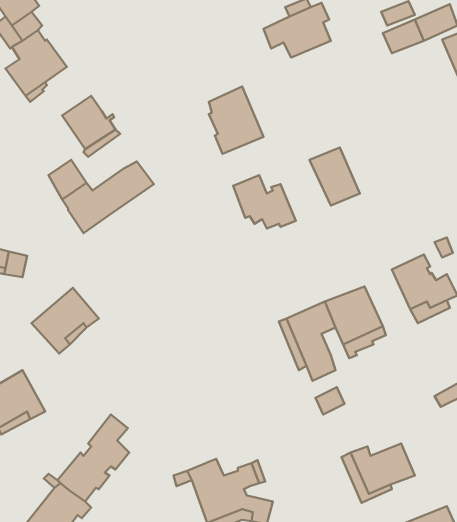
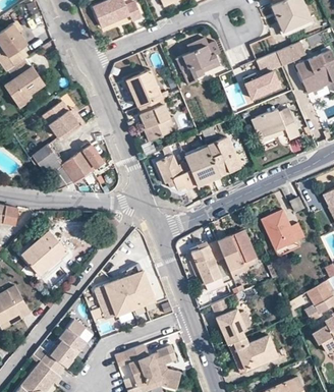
building: none -> [125,68,162,107]
building: none -> [243,72,280,99]
building: none -> [252,107,299,143]
building: none -> [185,147,221,186]
building: none -> [95,264,154,318]
building: none -> [217,307,245,343]

